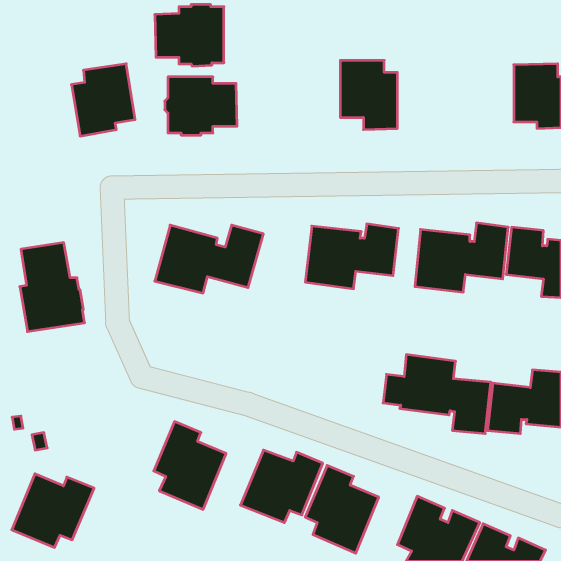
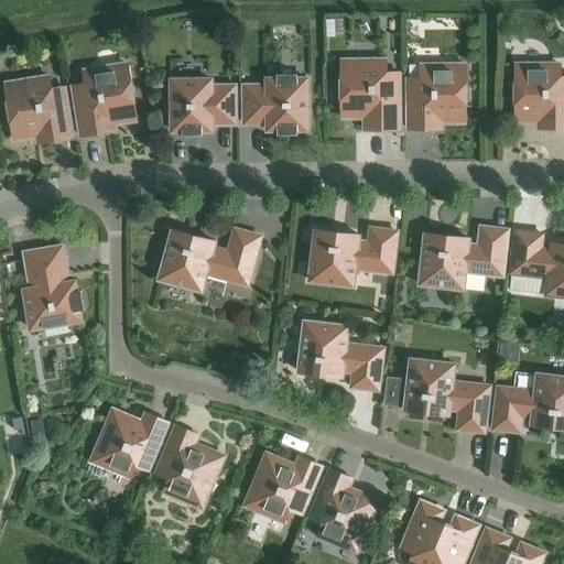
building: [155,5,224,66] -> [240,74,310,135]
building: none -> [408,65,465,129]
building: none -> [6,76,72,143]
building: none -> [295,318,386,393]
building: [12,474,94,547] -> [88,406,171,480]

